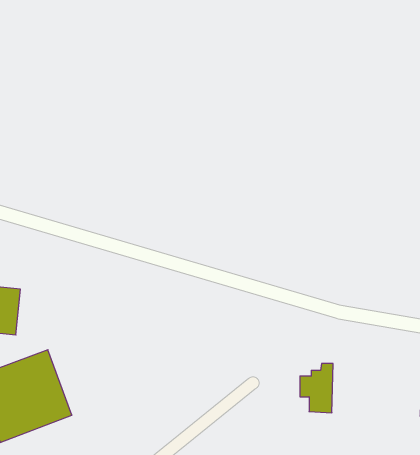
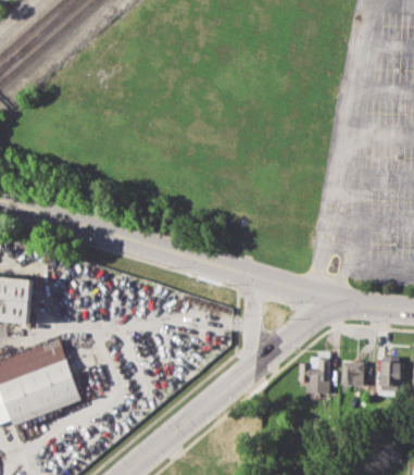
building: none -> [379,357,403,398]
building: none -> [340,361,364,386]

